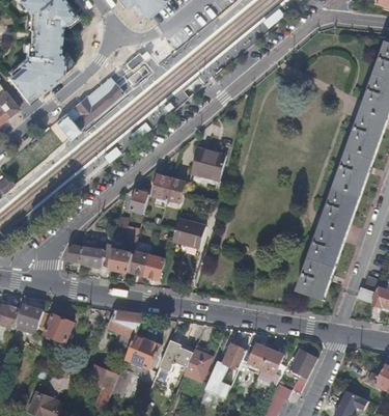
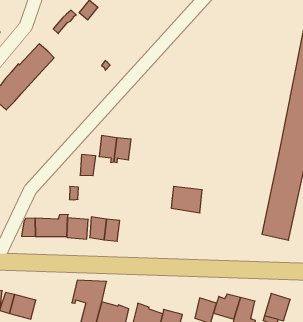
building: [191,145,226,179] -> none
building: [173,218,205,247] -> [171,186,202,213]

